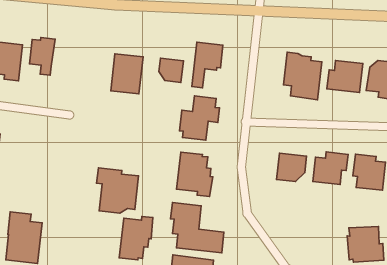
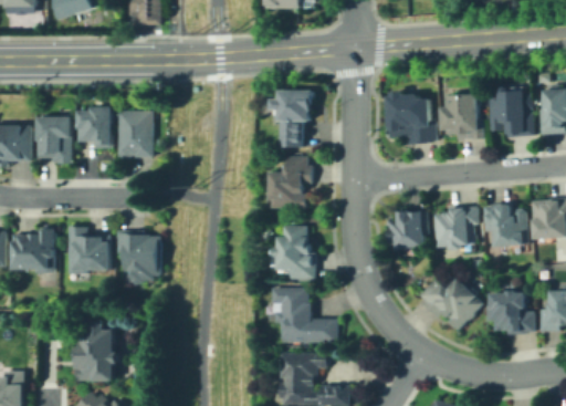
building: [111,54,143,94] -> [117,112,151,157]
building: [159,58,183,82] -> none
building: none -> [67,229,106,271]
building: [97,168,139,213] -> [115,231,165,283]
building: none -> [422,275,485,330]
building: [119,216,153,260] -> none

